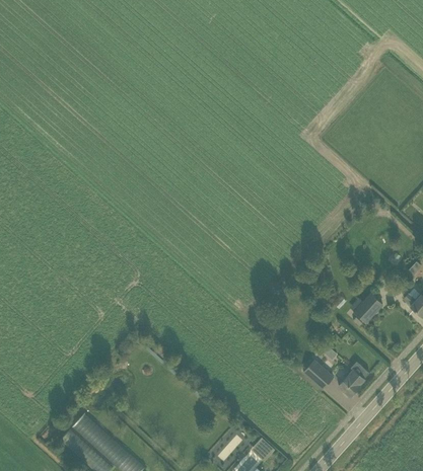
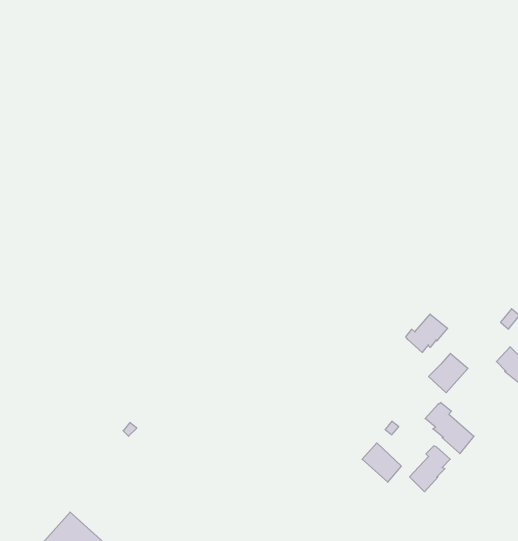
building: none -> [406,314,448,352]
building: none -> [425,402,474,454]

